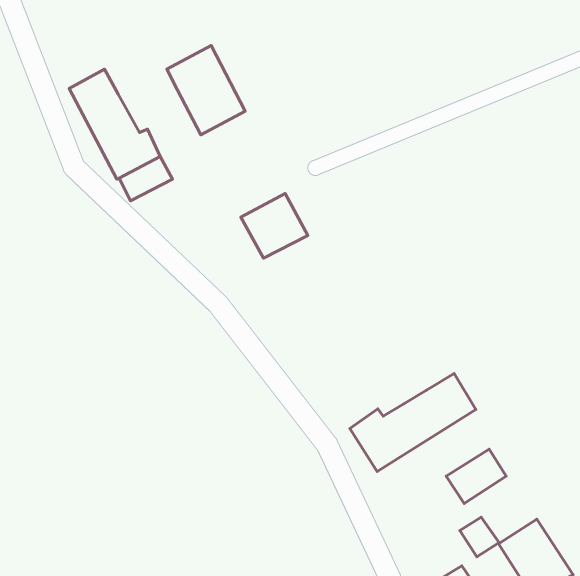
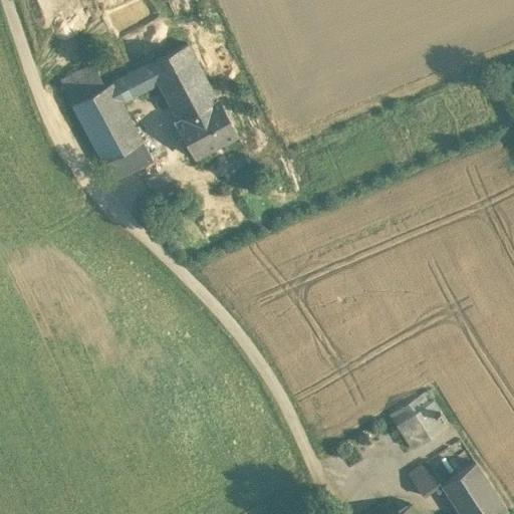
building: none -> [104,64,157,104]
building: [241,193,308,258] -> [178,101,237,159]
building: [350,373,476,472] -> none

